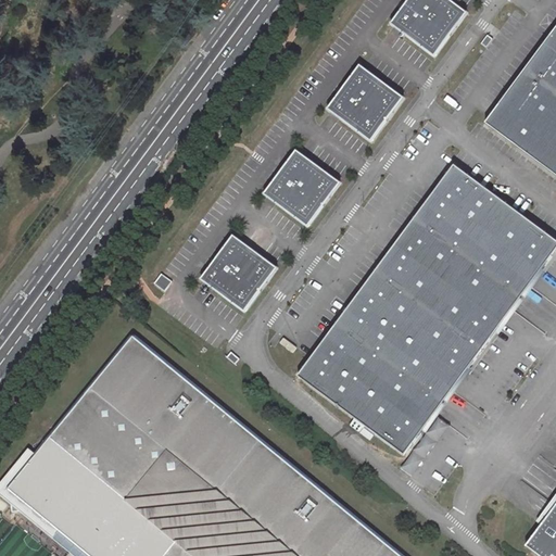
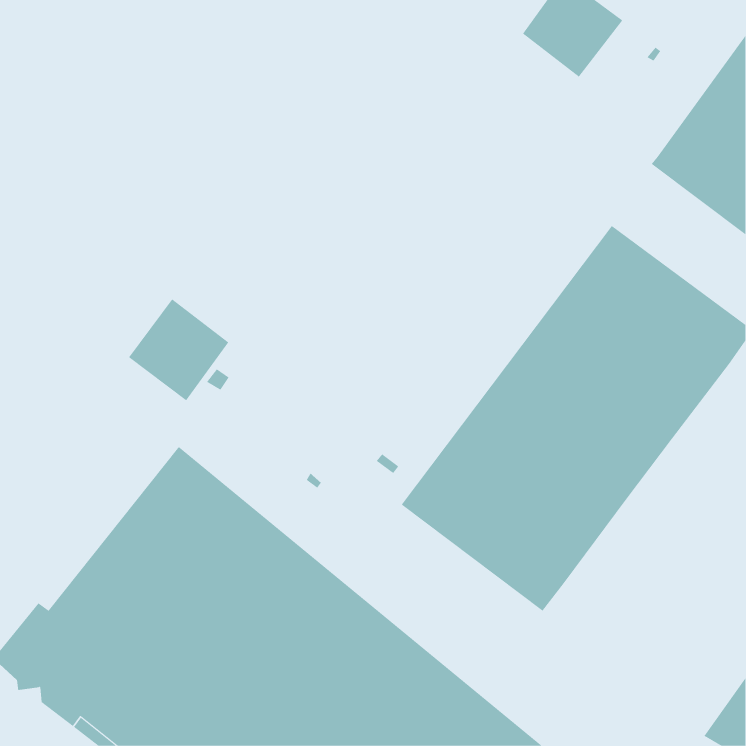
building: [326,64,402,140] -> none
building: [264,150,339,226] -> none
building: [201,236,276,312] -> [128,299,229,401]

